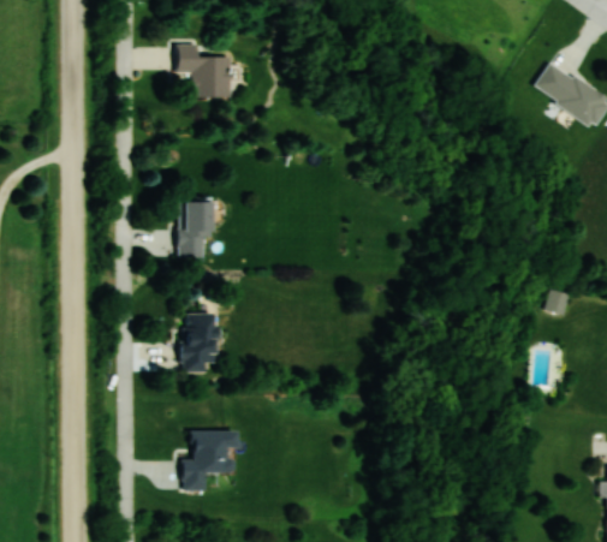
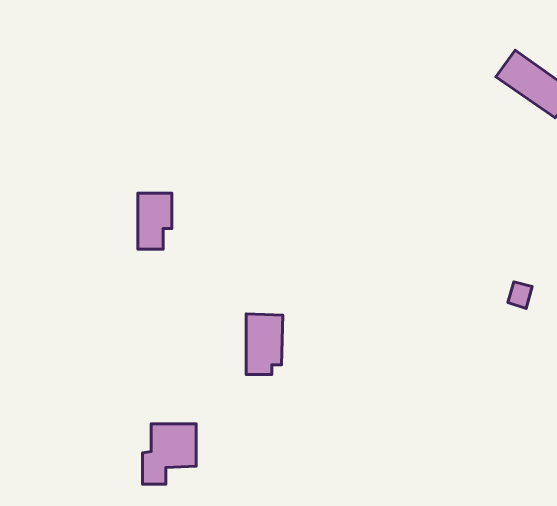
building: [177,42,232,97] -> none
building: [183,312,219,373] -> [246,314,283,374]

